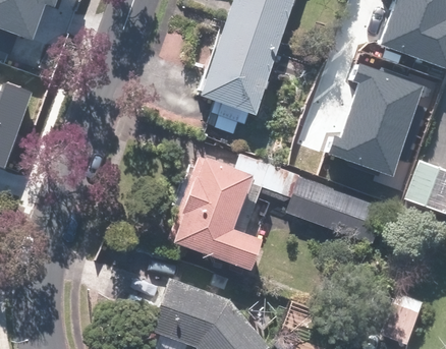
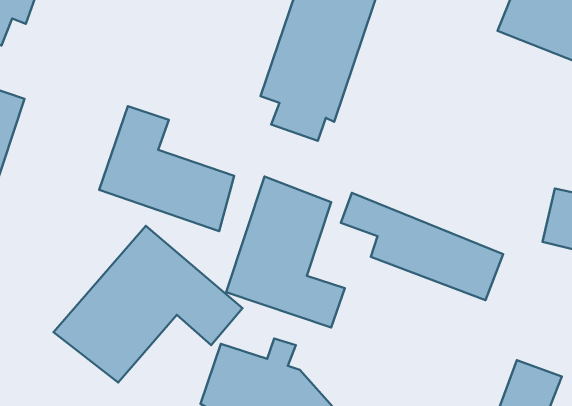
building: [325,69,417,178] -> none
building: none -> [99,106,234,231]
building: none -> [54,226,242,383]

